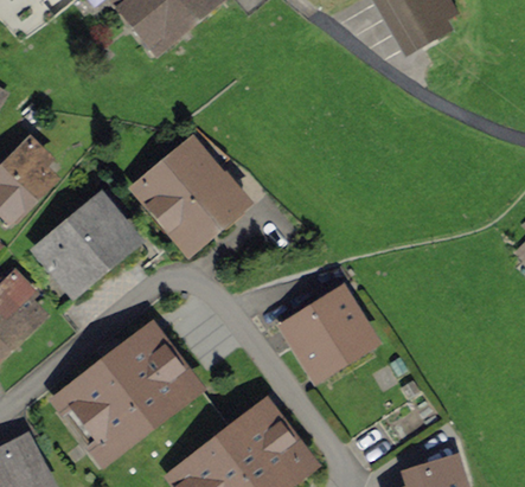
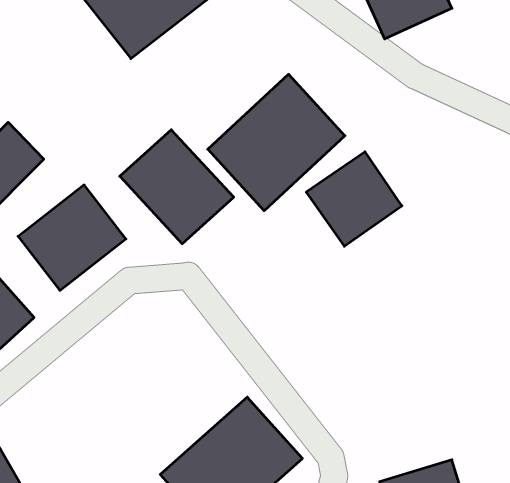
building: none -> [208,74,345,211]
building: [282,284,374,376] -> [306,152,402,246]
building: [62,325,201,459] -> none

